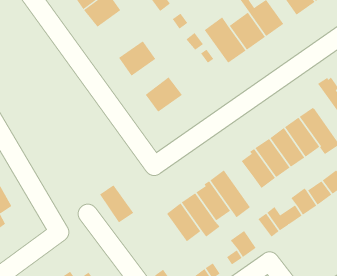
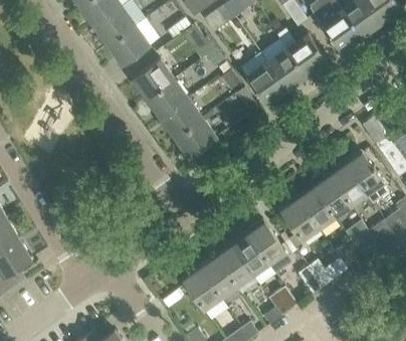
building: none -> [133,59,174,99]
building: none -> [161,100,202,139]
building: [99,184,134,223] -> [183,269,221,311]

